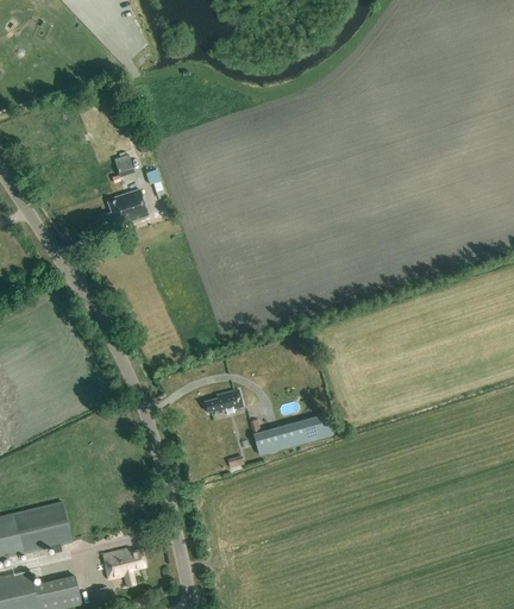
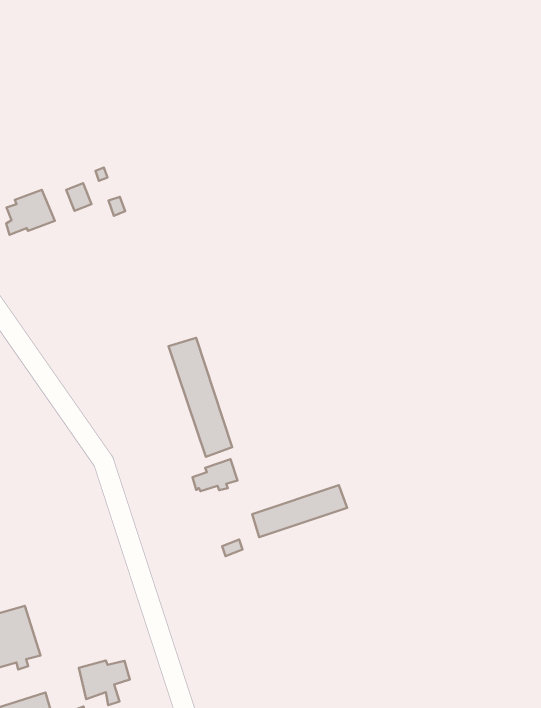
building: [106,189,146,225] -> [6,190,55,235]
building: none -> [169,338,232,457]

